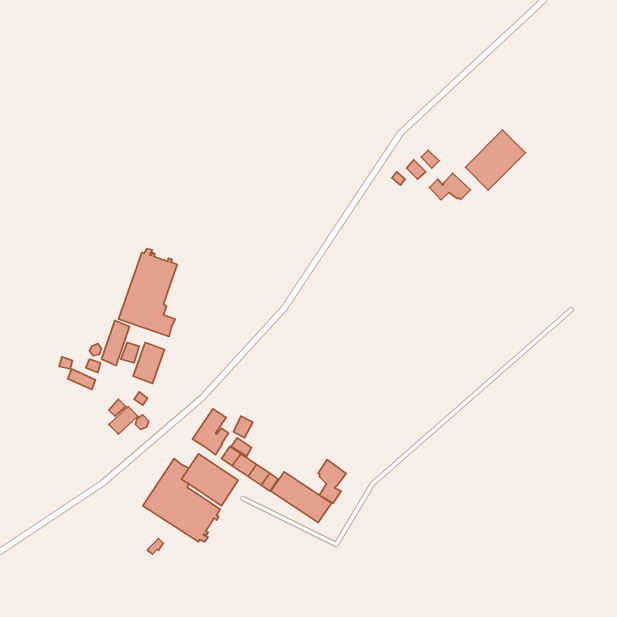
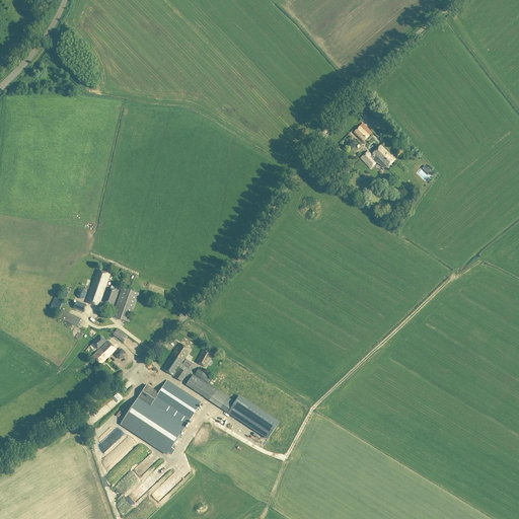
building: [465,130,525,190] -> none
building: [118,248,177,337] -> none
building: [318,460,346,503] -> none

